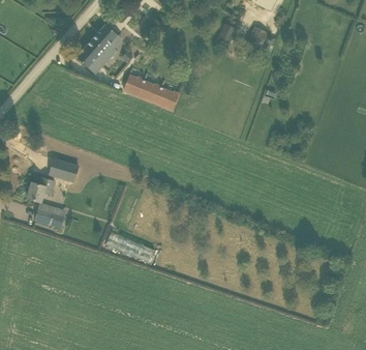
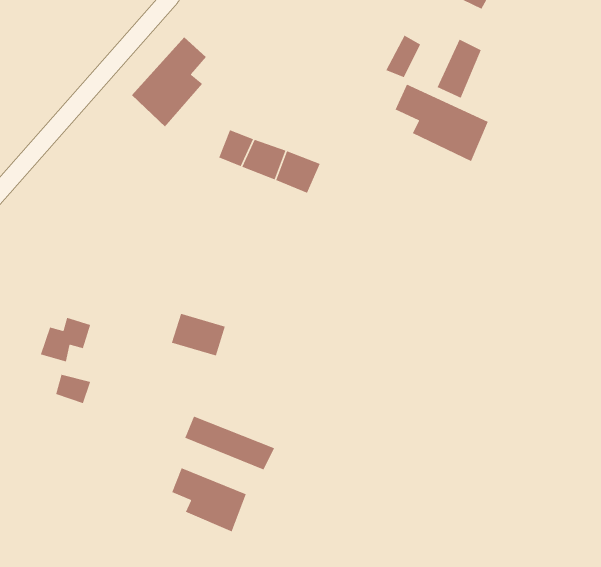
building: none -> [394,83,489,162]
building: [49,156,79,180] -> [171,313,226,357]
building: none -> [171,467,247,533]

